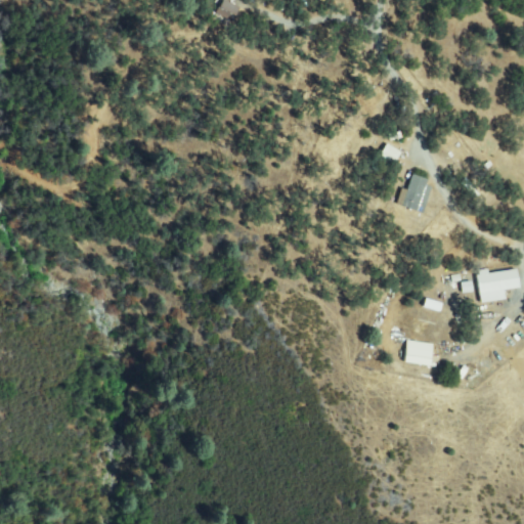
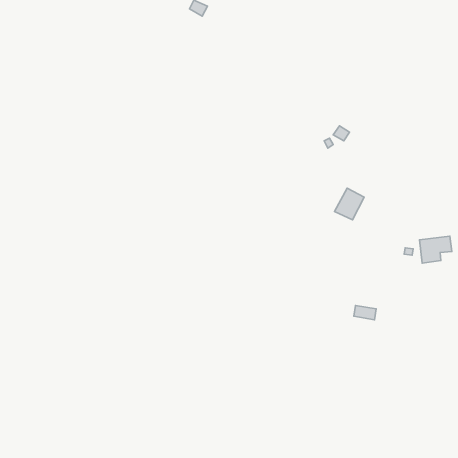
building: [399,175,433,211] -> [334,188,364,220]

